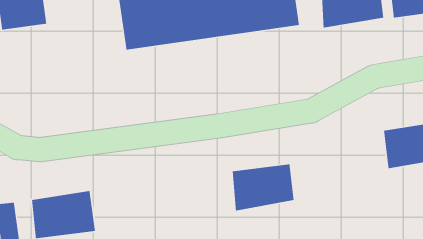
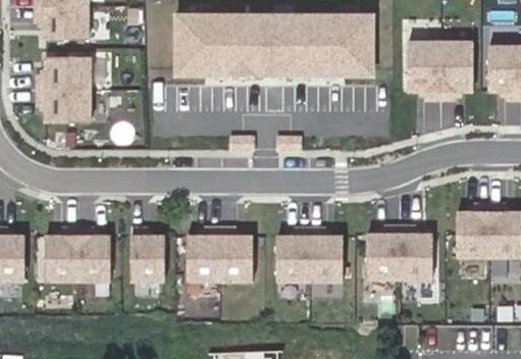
building: none -> [41,53,91,123]
building: none -> [361,233,432,280]
building: none -> [190,234,255,280]
building: none -> [126,233,166,283]

